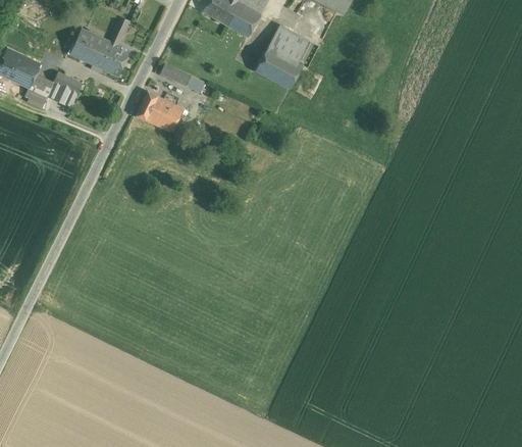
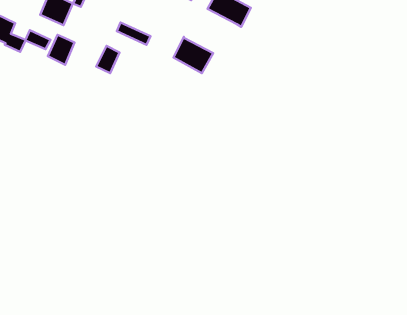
building: [98,41,129,77] -> [48,35,75,65]
building: [256,46,303,89] -> [173,37,213,73]
building: [153,99,184,133] -> none

